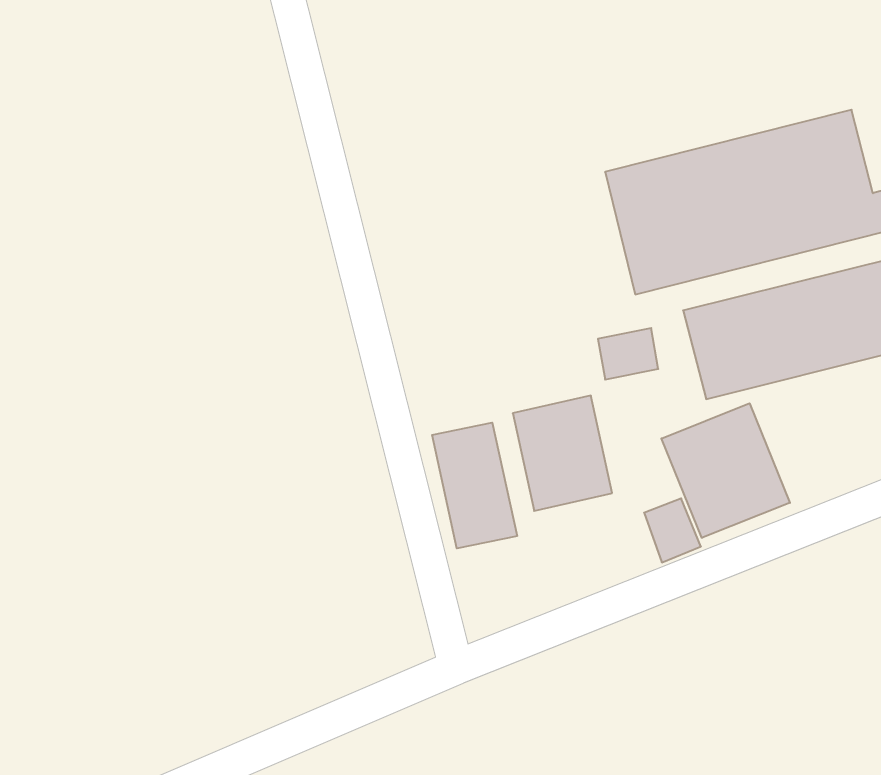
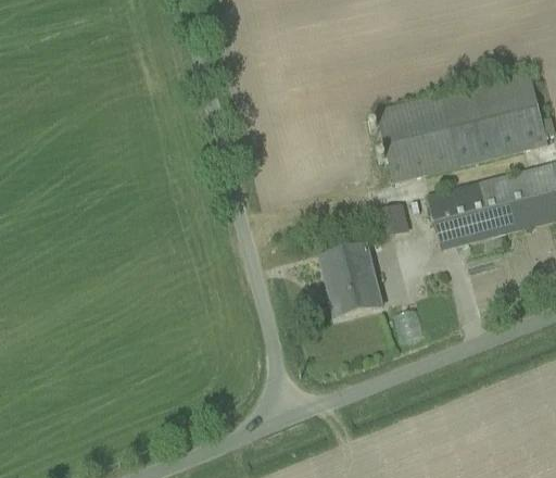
building: [661,403,790,538] -> none
building: [432,423,517,548] -> none

